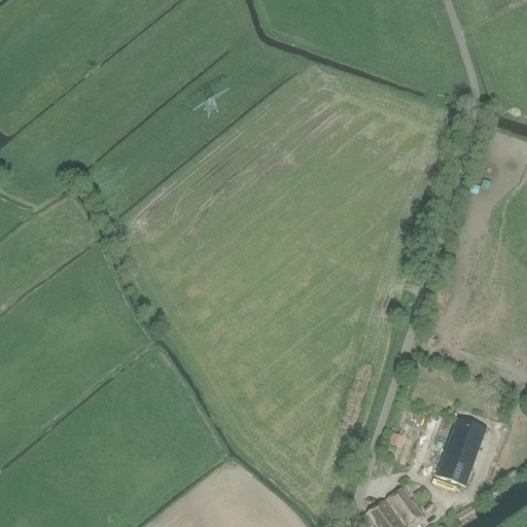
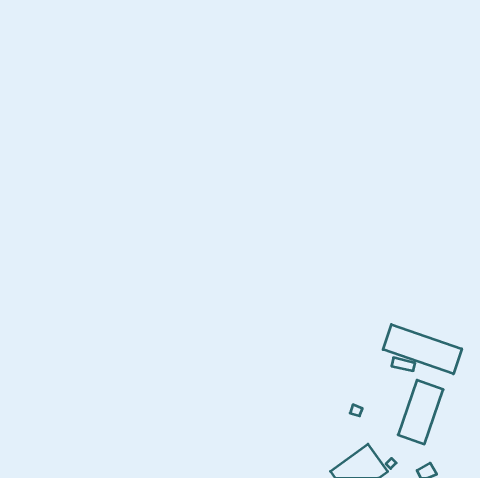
building: none -> [383,324,462,374]

